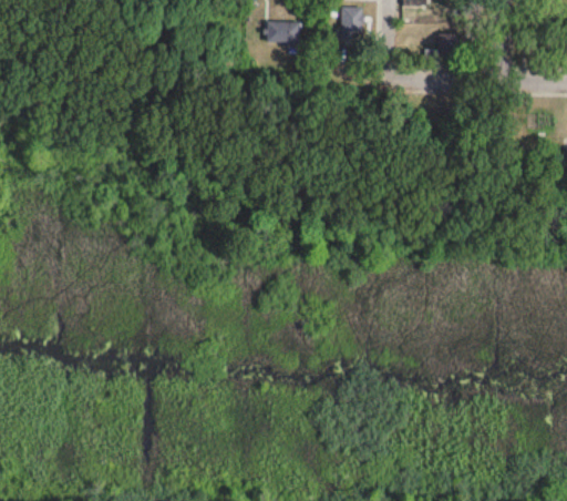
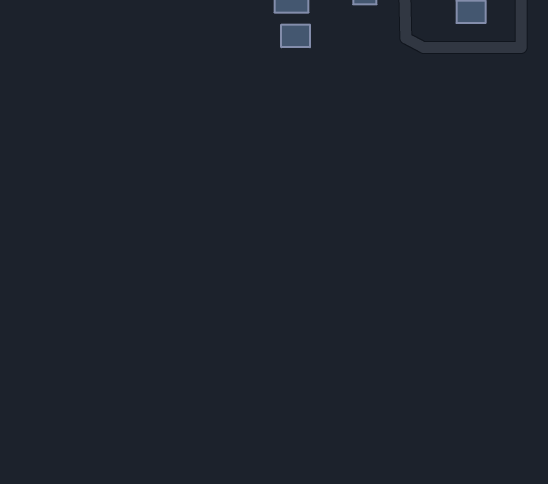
building: none -> [281,25,310,47]

